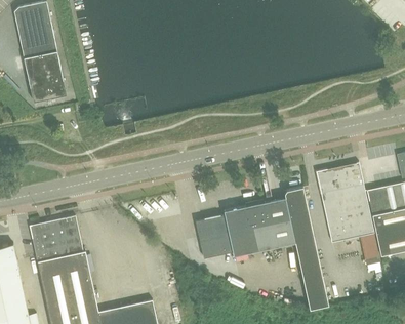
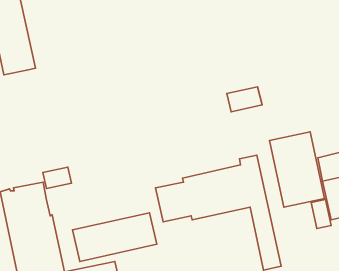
building: none -> [227,87,262,112]
building: none -> [43,167,72,189]
building: none -> [73,213,157,261]

